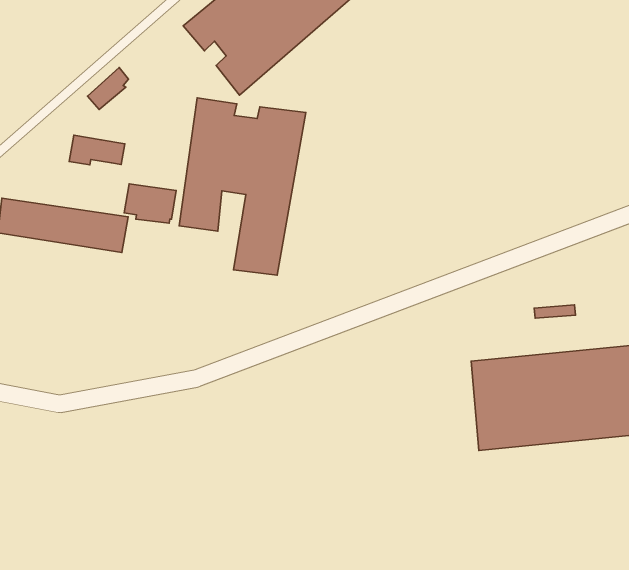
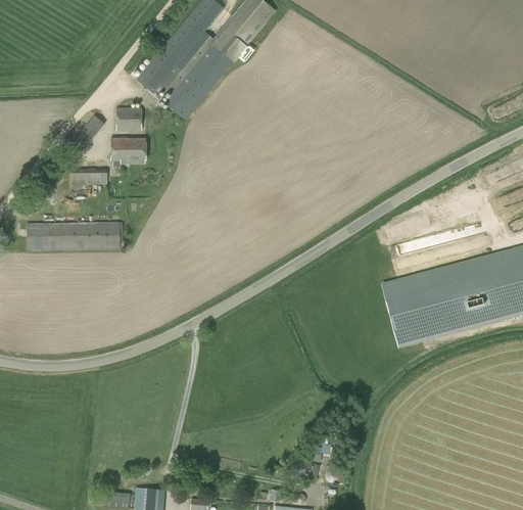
building: none -> [115,107,141,130]
building: [179,98,306,275] -> none
building: [124,184,176,223] -> [110,138,145,164]

